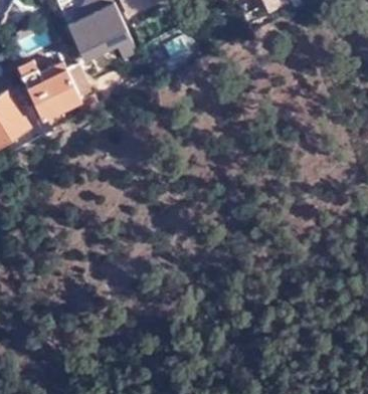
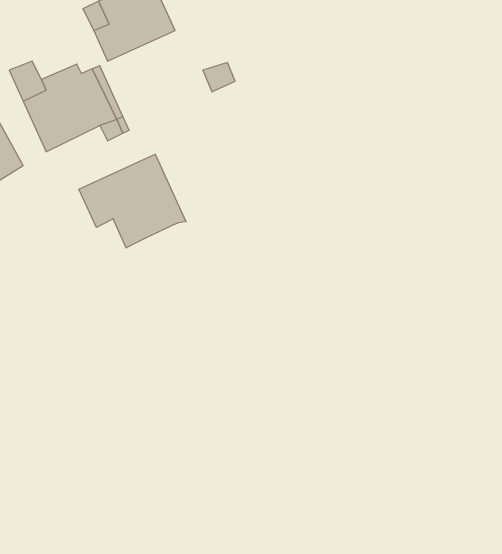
building: none -> [79,154,186,248]

